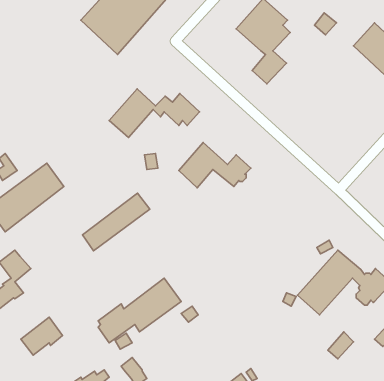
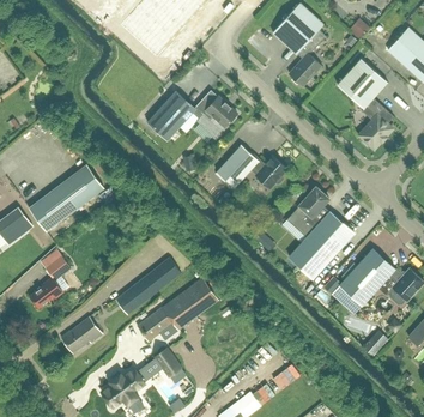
building: none -> [337,58,393,149]
building: none -> [287,187,353,278]
building: [82,193,150,251] -> [116,258,182,314]

